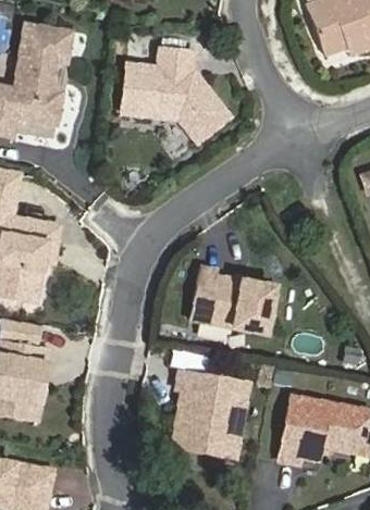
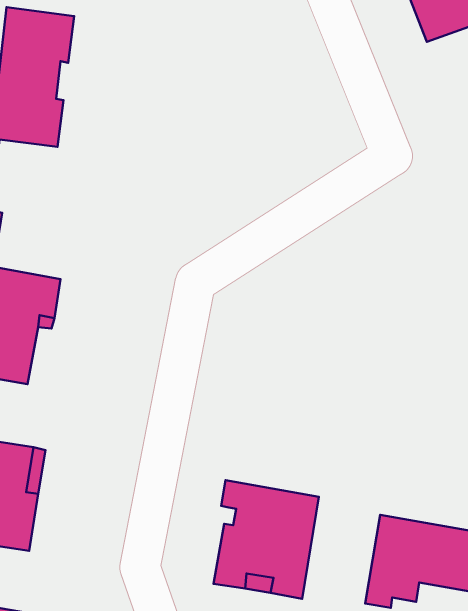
building: [122,47,226,138] -> none
building: [187,266,277,335] -> none

